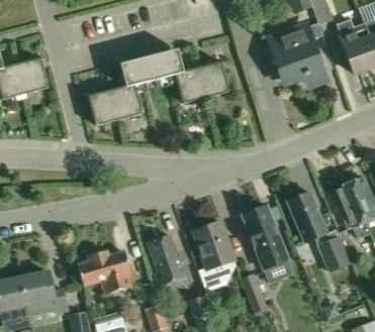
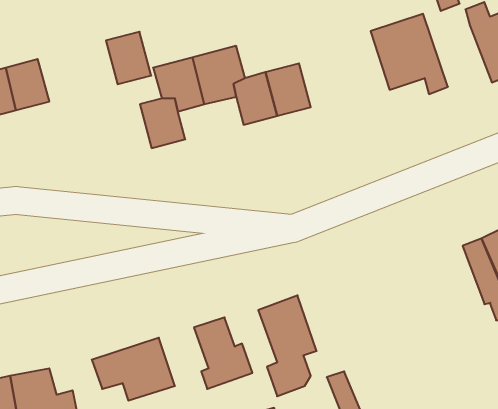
building: [87,88,118,124] -> [106,32,151,84]
building: [286,191,348,271] -> none
building: [241,205,286,268] -> none

